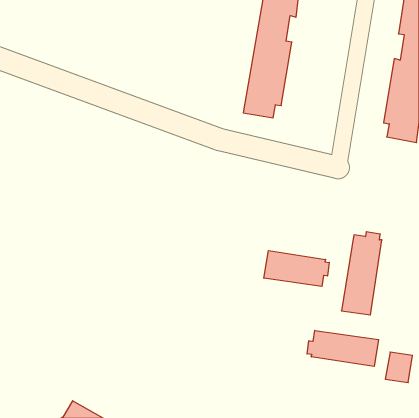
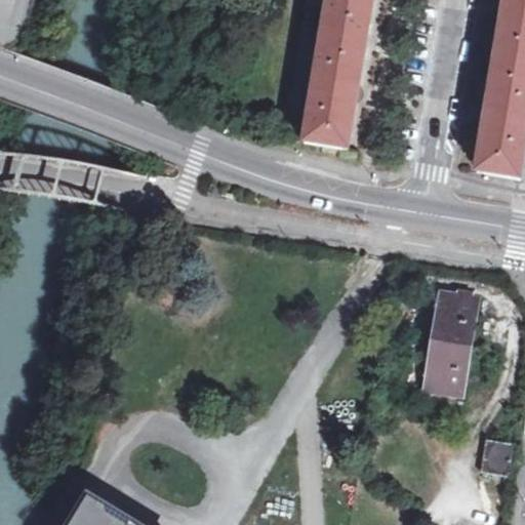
building: [264,251,329,286] -> none
building: [307,330,379,366] -> none

